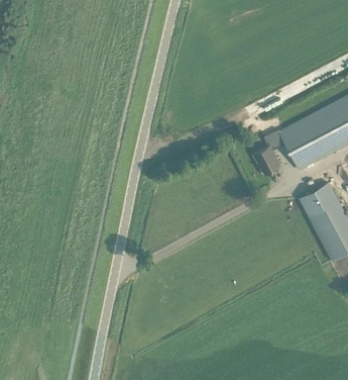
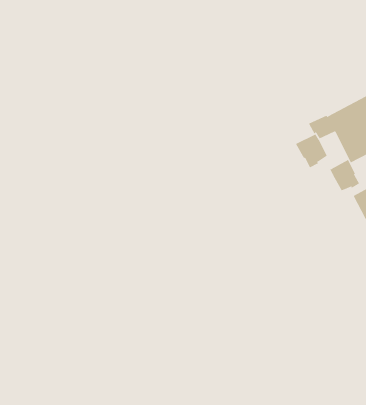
building: none -> [330,159,360,191]

